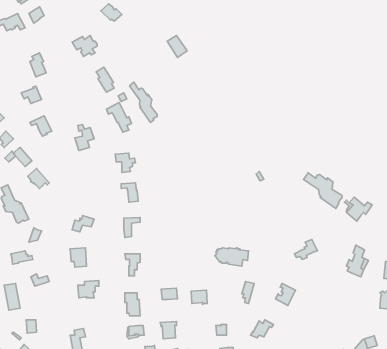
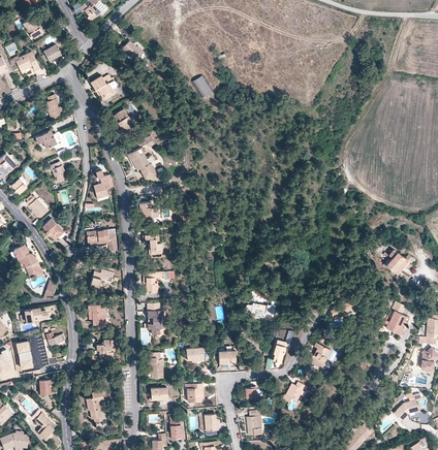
building: [129,82,157,123] -> none
building: [304,173,342,209] -> none
building: none -> [86,229,117,252]

